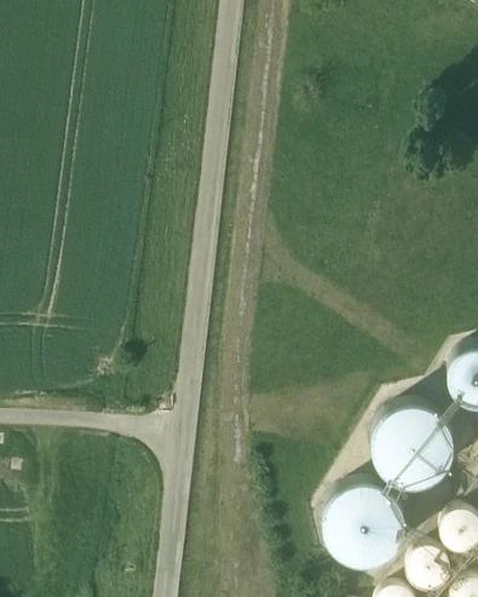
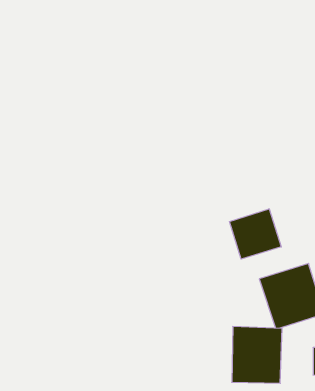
building: none -> [230,209,281,259]

